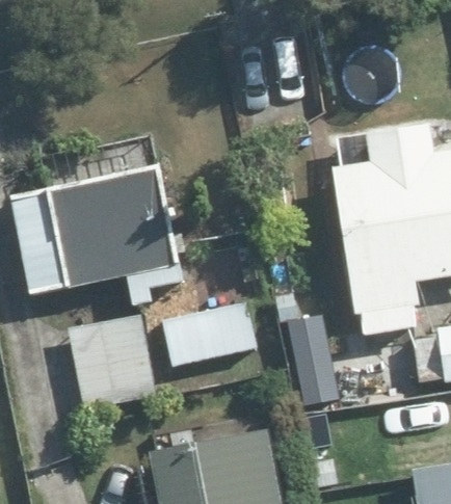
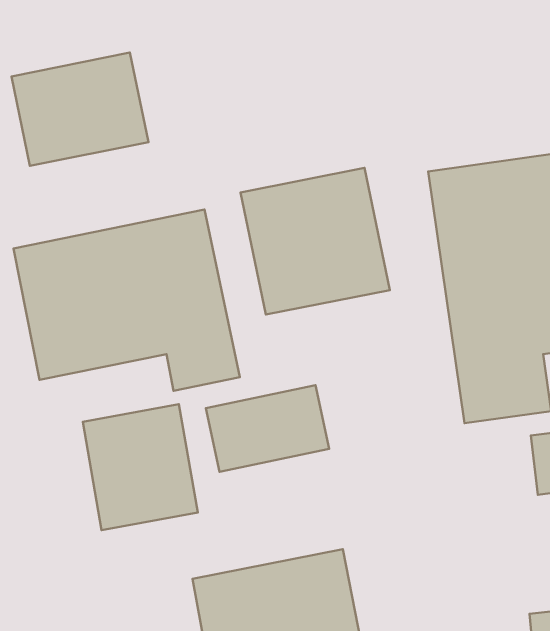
building: none -> [11,53,148,166]
building: none -> [241,168,390,315]

